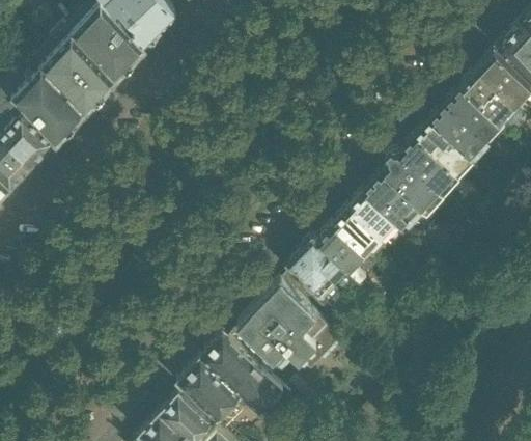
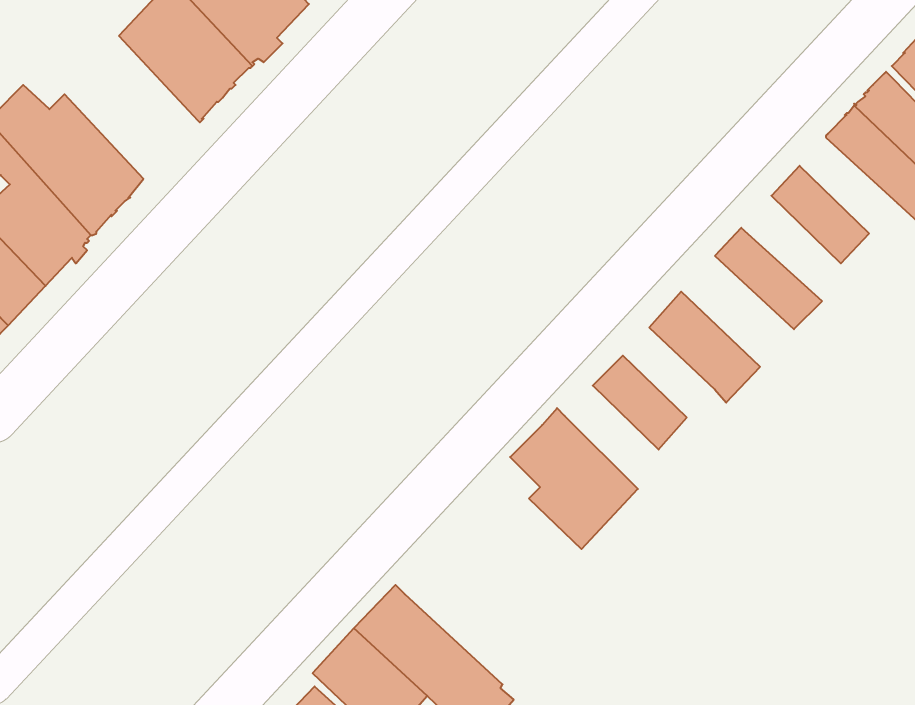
building: [40,26,114,114] -> none
building: [446,90,500,143] -> none
building: [414,122,474,181] -> none
building: [381,155,443,218] -> none
building: [348,195,399,245] -> none
building: [316,227,374,285] -> none
building: [237,284,346,377] -> none

